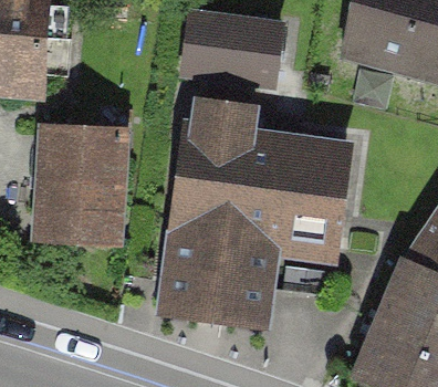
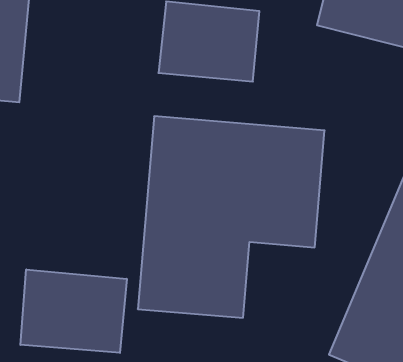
building: [33,129,127,245] -> none
building: none -> [20,269,127,353]

